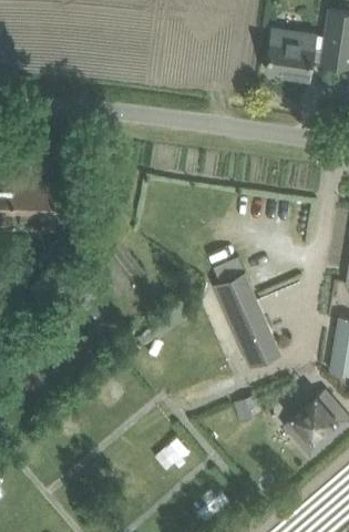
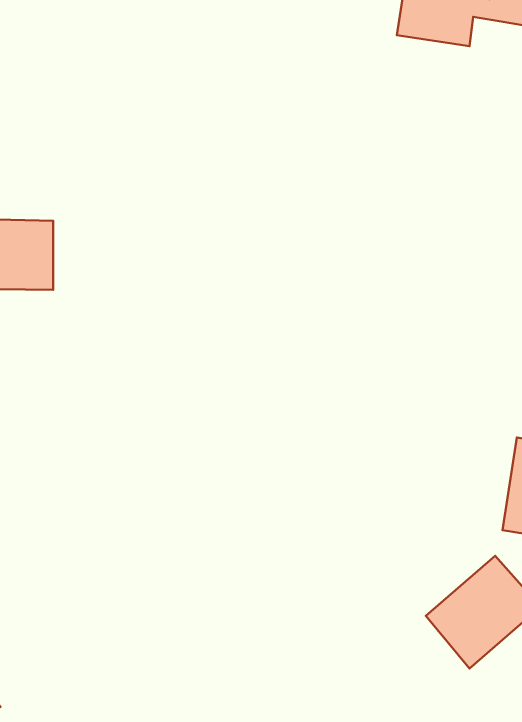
building: [213,272,281,370] -> none

